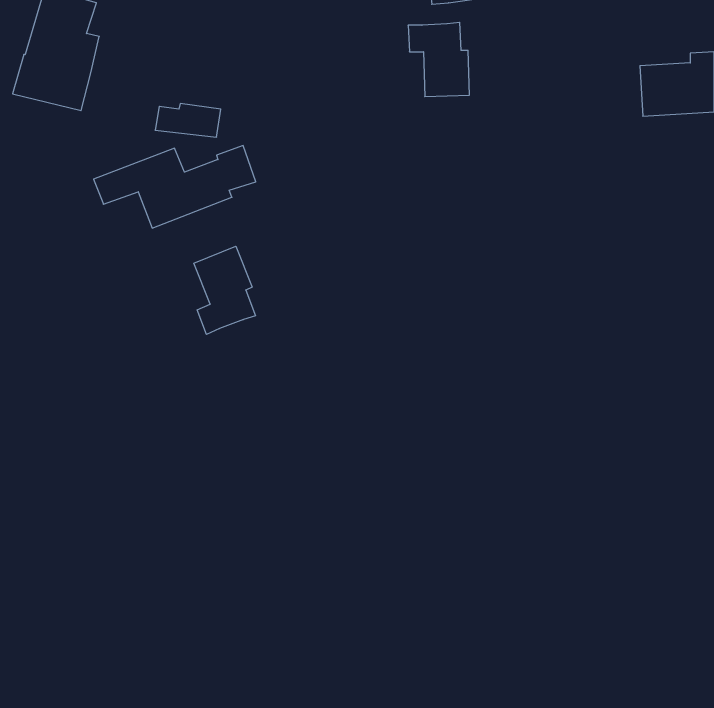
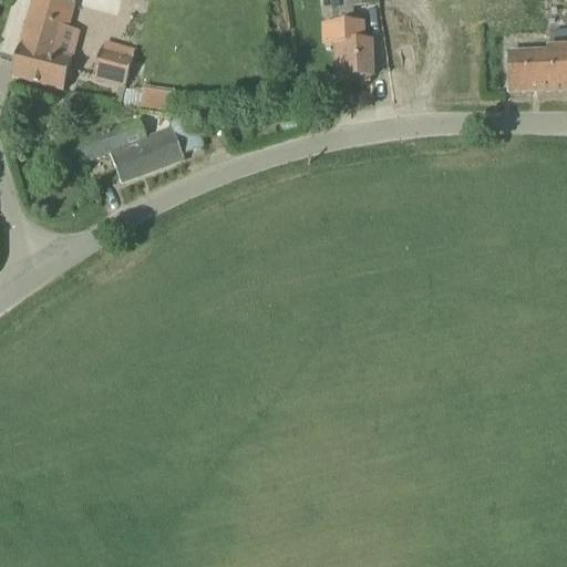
building: none -> [93,47,133,84]
building: [194,246,256,334] -> none

